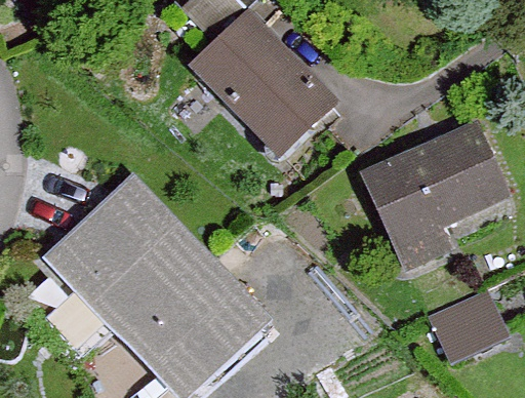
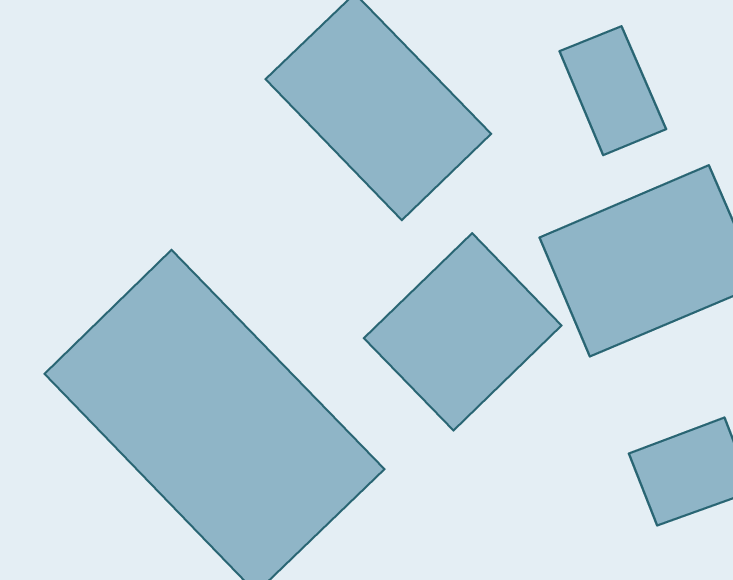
building: none -> [559,26,666,155]
building: none -> [364,233,562,430]

